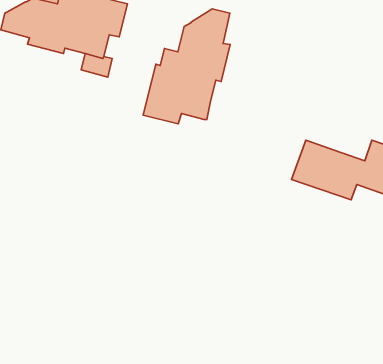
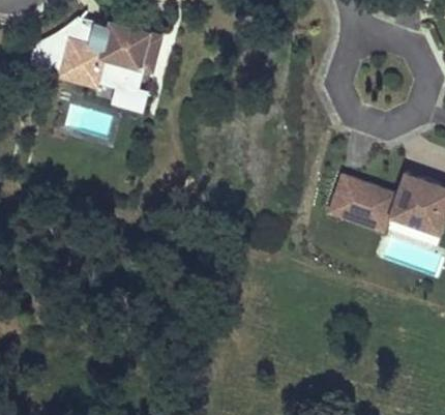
building: [143,9,230,124] -> none

